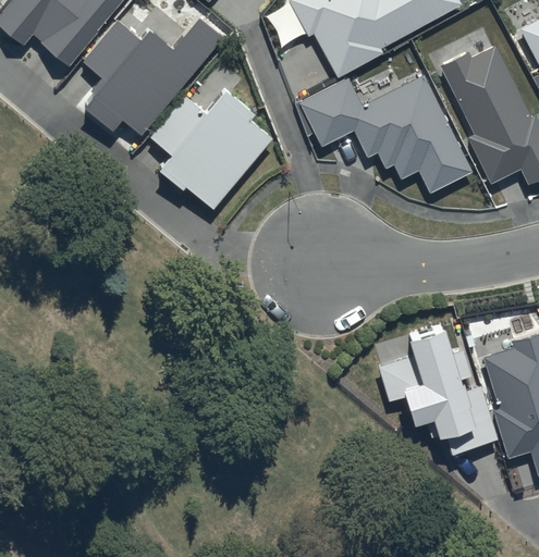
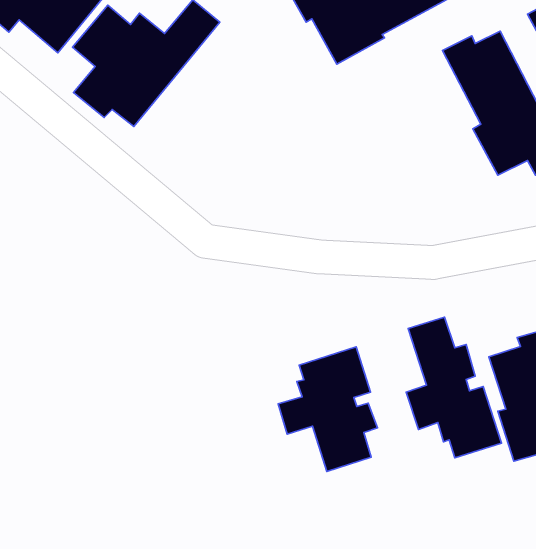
building: [297,75,473,193] -> none
building: [150,92,272,212] -> none
building: none -> [278,347,378,472]

